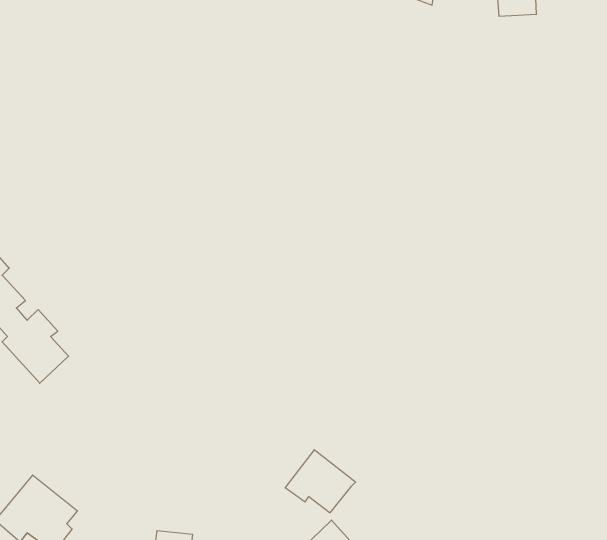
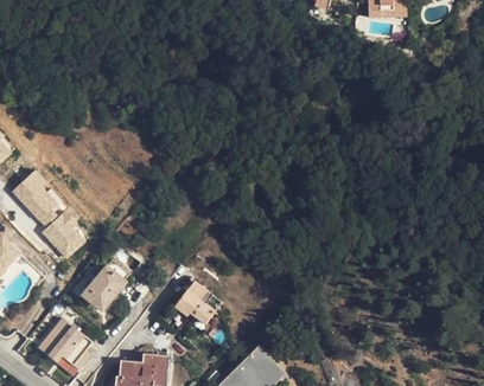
building: none -> [79,264,123,309]
building: [285,450,356,513] -> [174,281,221,322]

